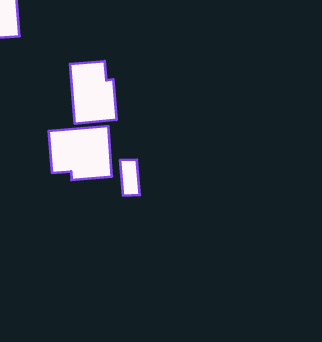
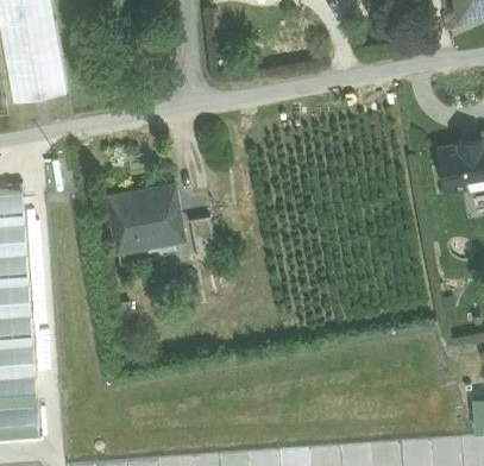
building: [70,61,116,124] -> none

